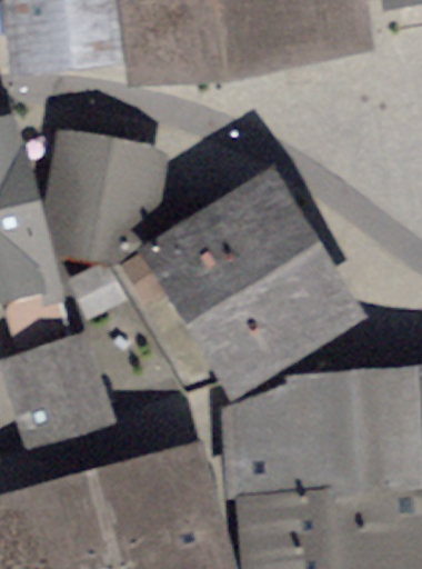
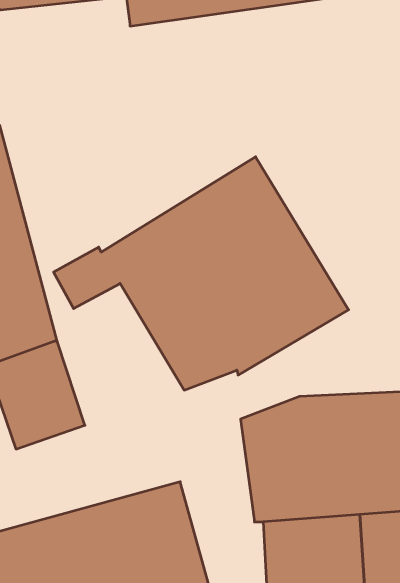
building: [57,133,151,237] -> none

